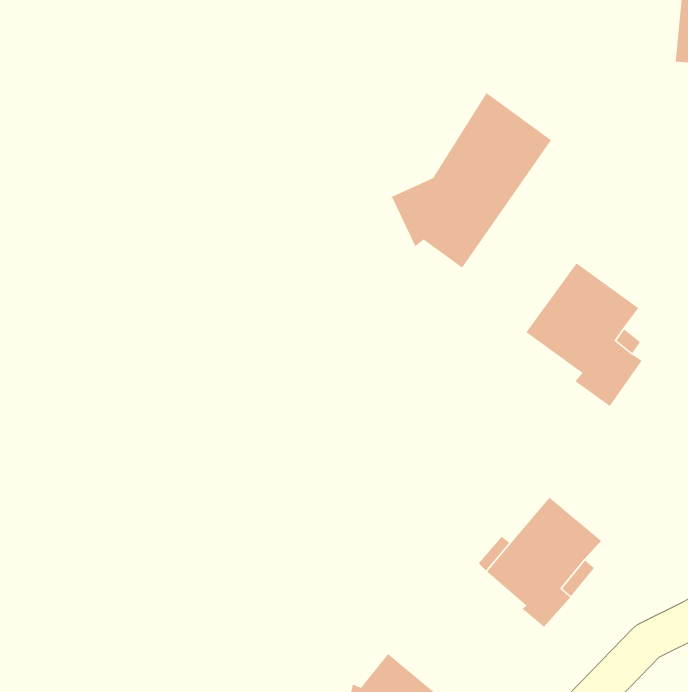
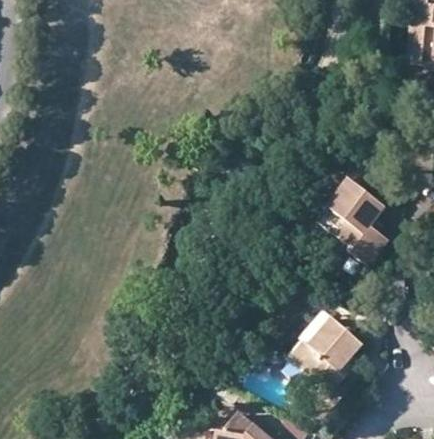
building: [391,92,552,268] -> none

